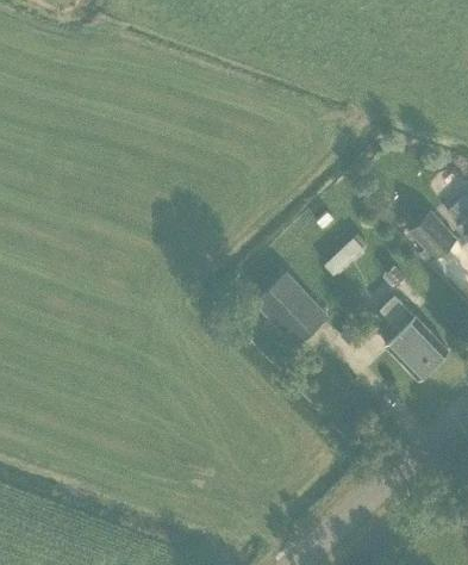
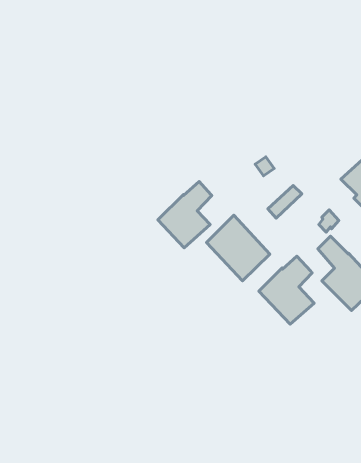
building: none -> [158,182,212,248]
building: none -> [259,256,314,324]

